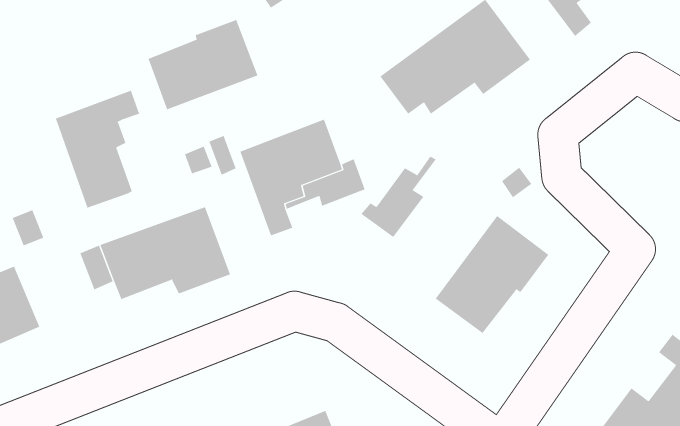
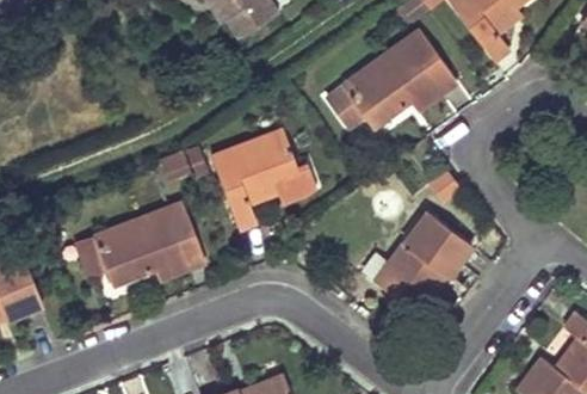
building: [148,19,258,110] -> none
building: [55,90,140,209] -> none
building: [361,156,436,238] -> none

